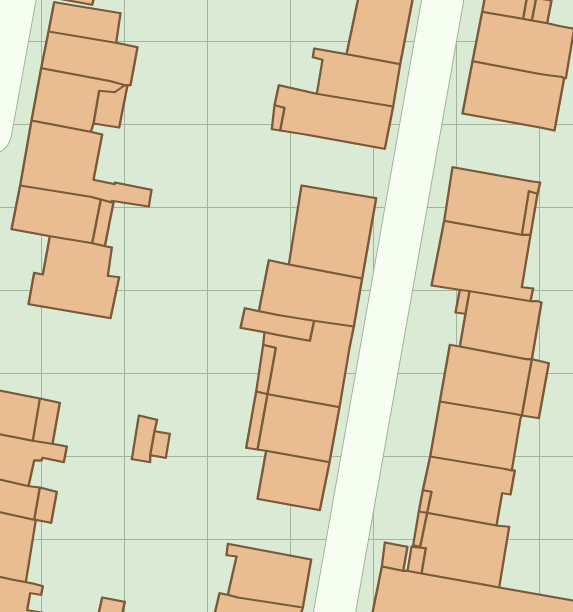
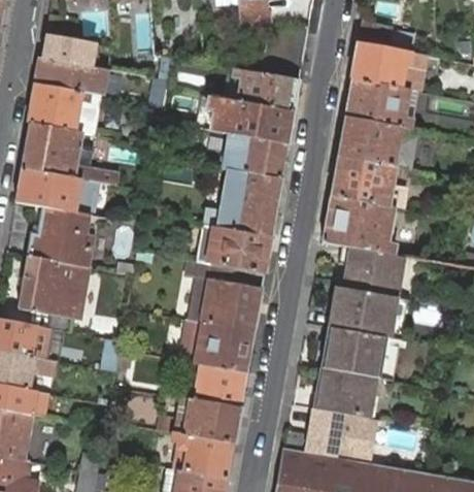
building: none -> [337,118,416,170]
building: none -> [224,133,287,179]
building: none -> [19,257,89,319]
building: none -> [157,397,240,444]

